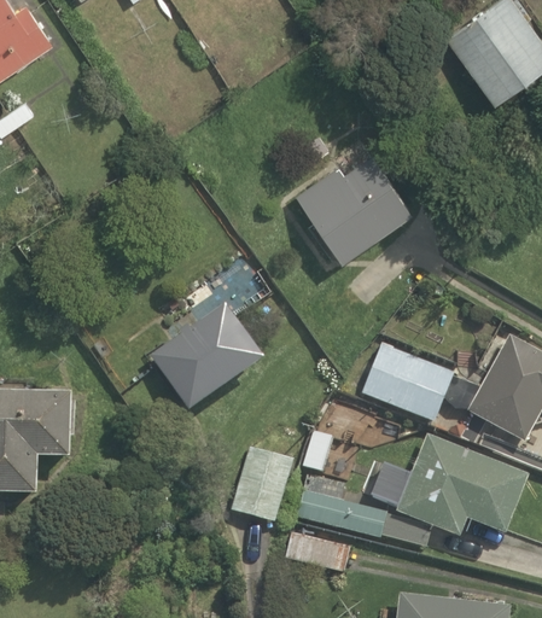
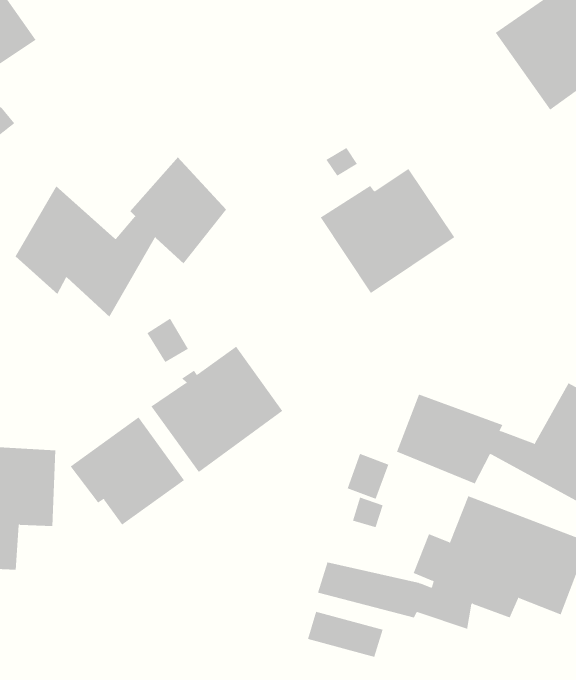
building: none -> [15,156,227,318]
building: none -> [70,416,185,525]
building: [231,447,295,523] -> none

